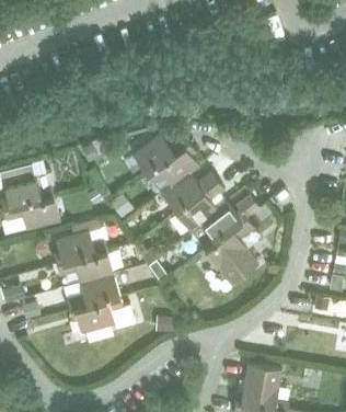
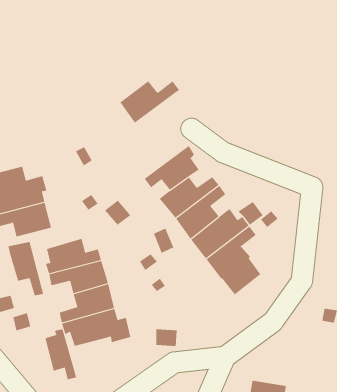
building: [132,135,189,175] -> [119,81,180,124]
building: none -> [8,241,44,296]
building: none -> [45,329,77,380]

